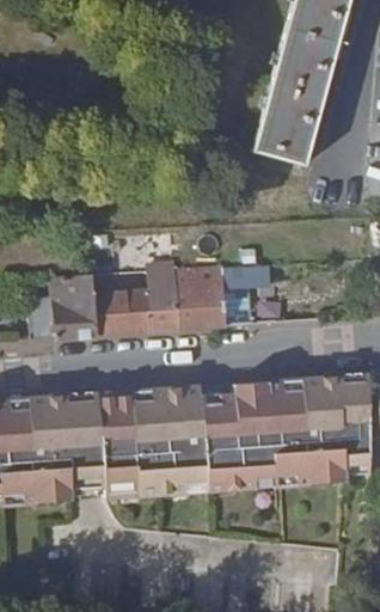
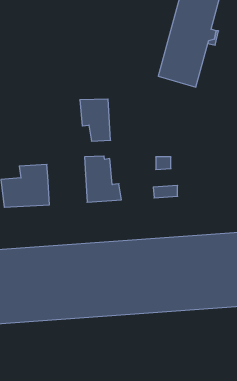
building: [183,267,227,326] -> [80,99,111,141]
building: [94,290,151,333] -> none

